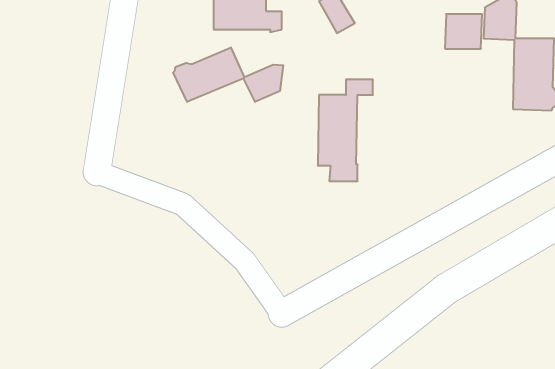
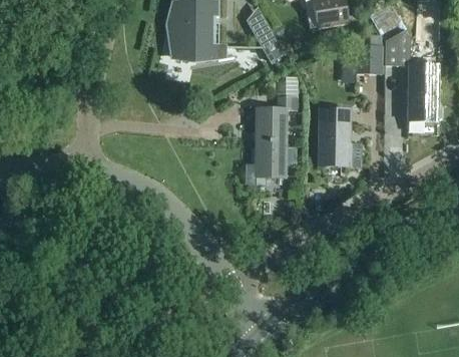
building: [173,47,283,102] -> none
building: none -> [318,109,361,165]

